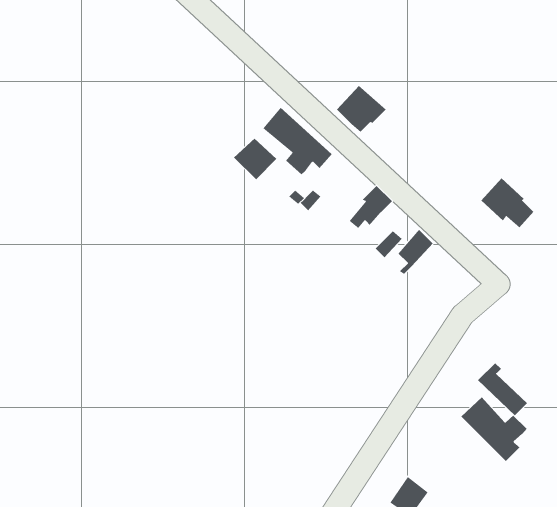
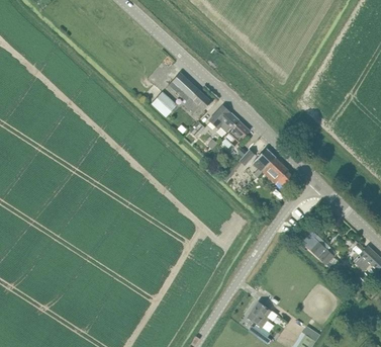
building: [336,85,387,132] -> [208,105,240,135]
building: [480,178,534,228] -> [262,157,295,188]
building: [460,396,527,462] -> none

